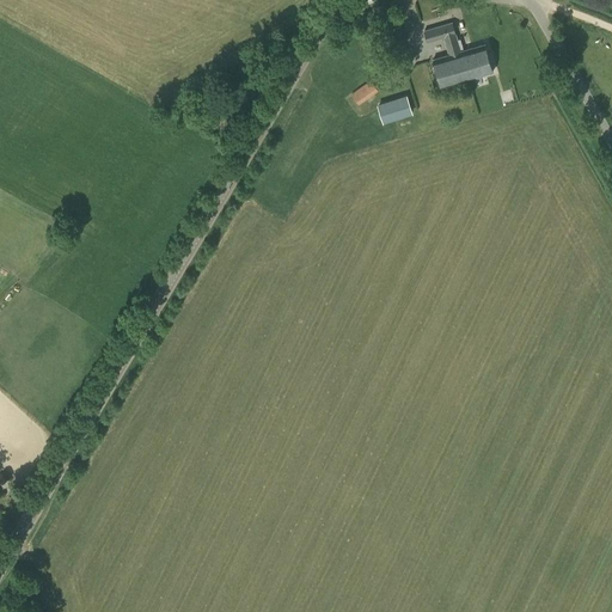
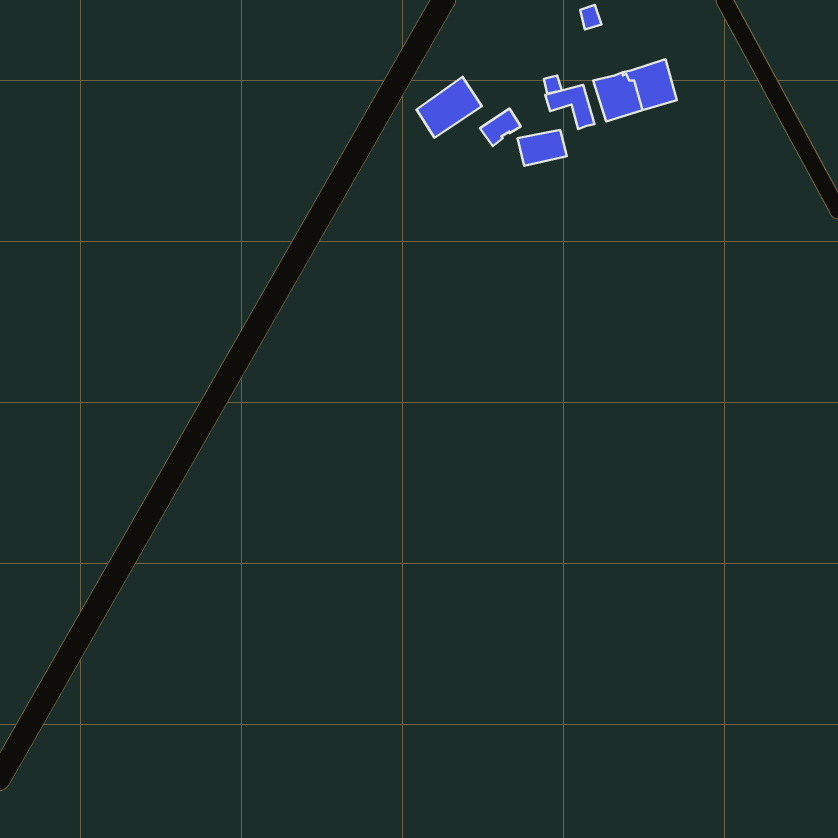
building: [423,24,459,56] -> [545,85,595,129]
building: none -> [417,77,482,138]

